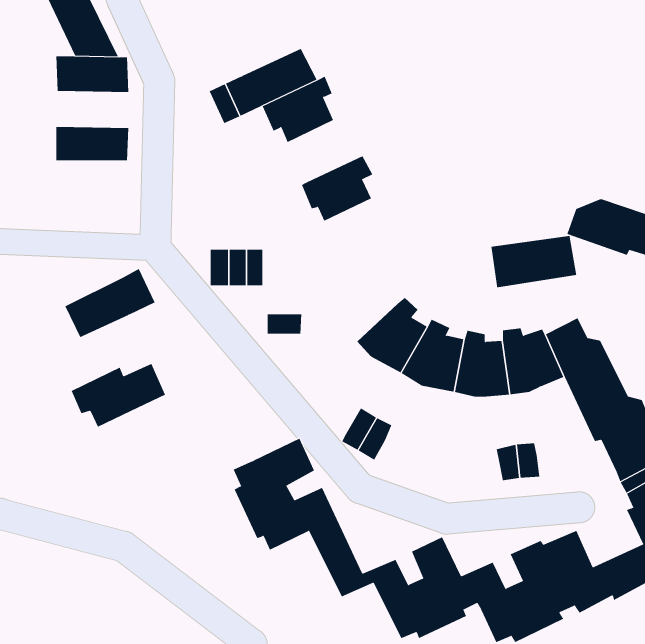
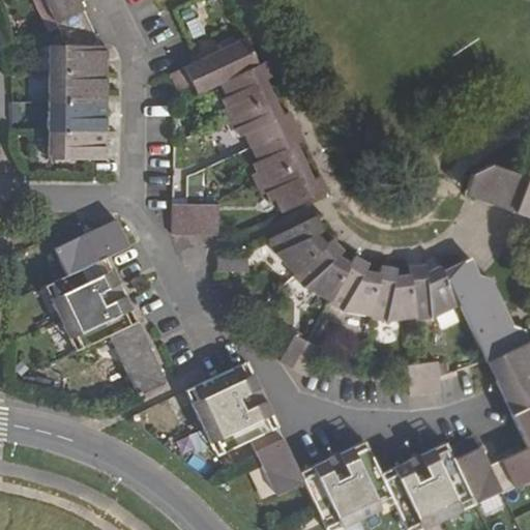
building: none -> [47,75,107,105]
building: none -> [231,98,298,149]
building: none -> [47,131,106,160]
building: none -> [262,163,329,213]
building: [491,235,577,288] -> none
building: none -> [267,219,326,279]
building: none -> [49,258,119,320]
building: none -> [109,323,166,395]

